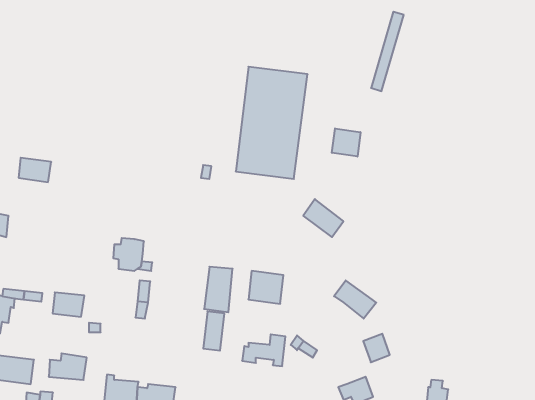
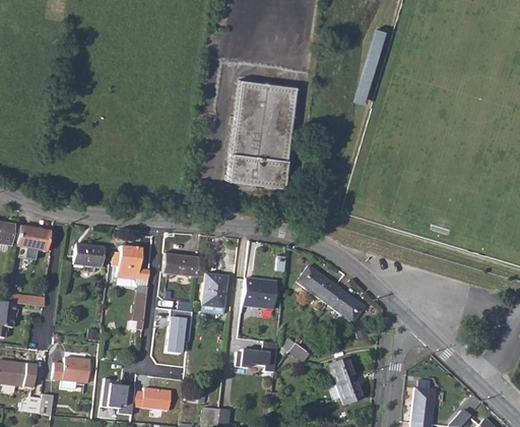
building: [332,128,360,157] -> none
building: [19,158,51,182] -> [16,226,48,249]
building: [303,199,343,237] -> [297,265,335,302]
building: none -> [164,252,199,276]
building: [53,292,84,317] -> [72,244,103,267]
building: [203,311,224,351] -> [168,315,188,353]
building: [363,334,390,362] -> [329,359,354,386]

